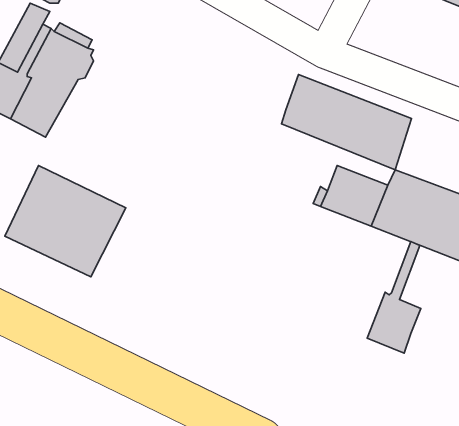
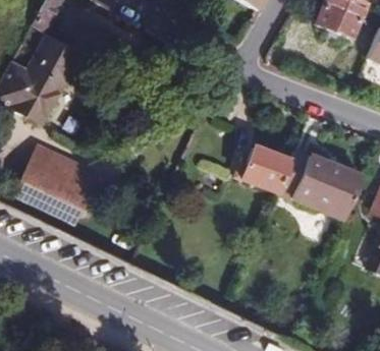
building: [282,75,412,170] -> none
building: [367,242,421,353] -> none

